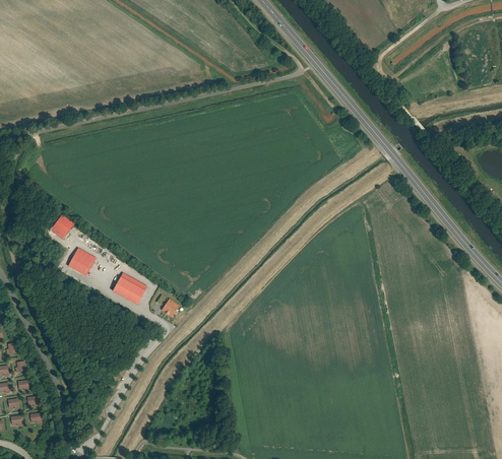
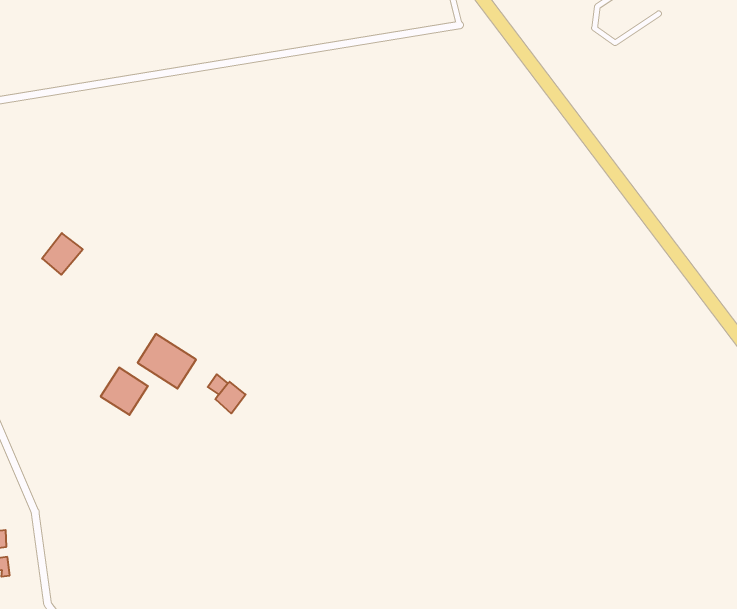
building: [67,247,96,275] -> [101,368,148,415]

